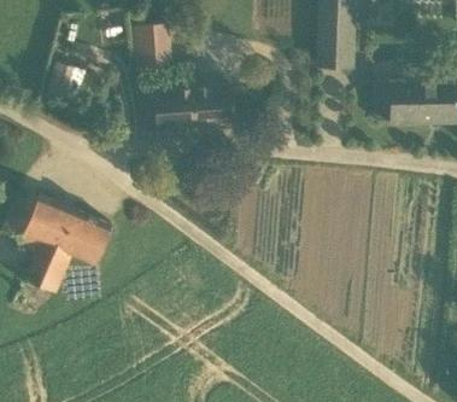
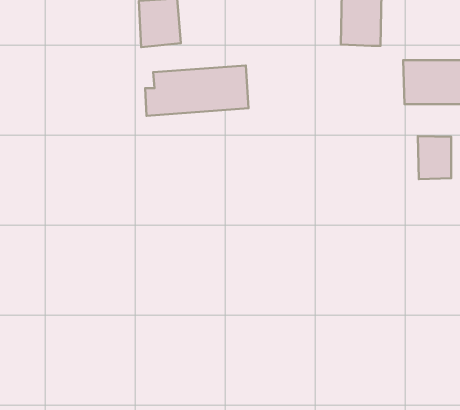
building: none -> [418,136,451,179]
building: [16,194,111,292] -> none

